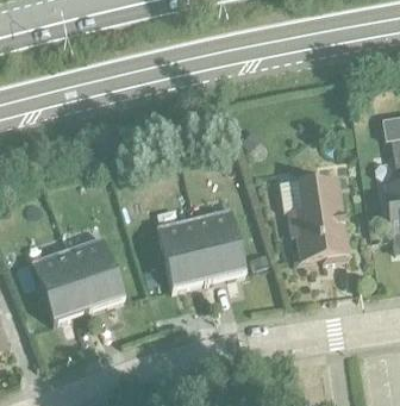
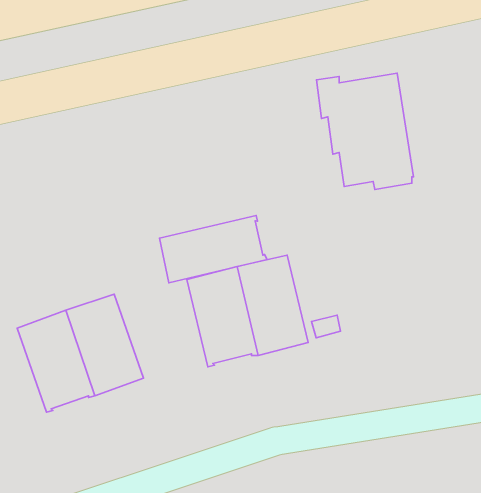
building: [280,176,351,262] -> [317,73,413,190]
building: none -> [160,216,267,283]

